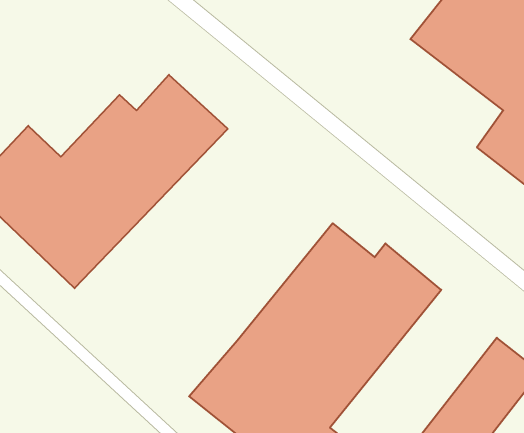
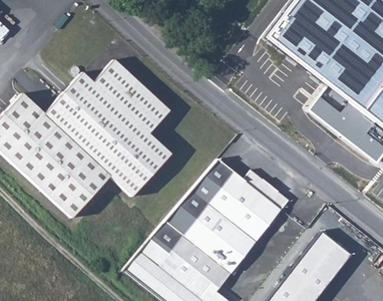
building: none -> [51,95,168,218]

